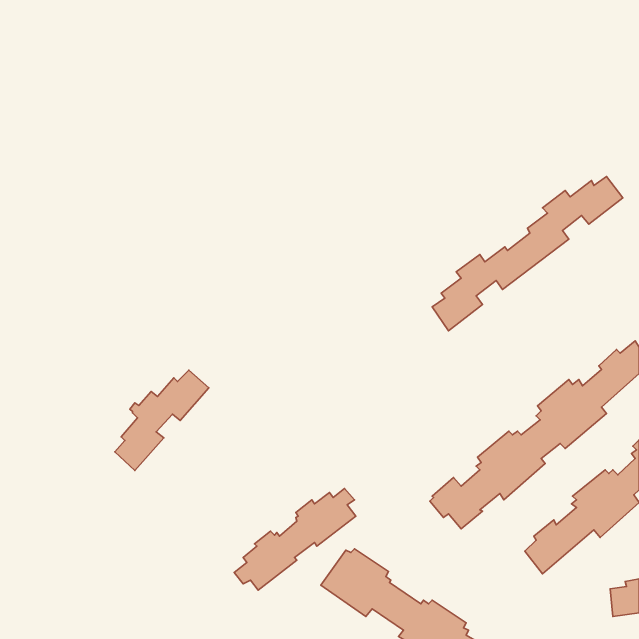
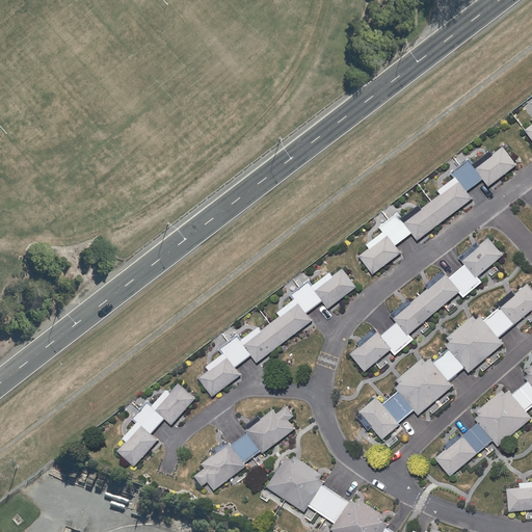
building: none -> [349,238,503,372]
building: none -> [198,269,356,397]
building: [115,370,209,471] -> [117,383,195,467]

